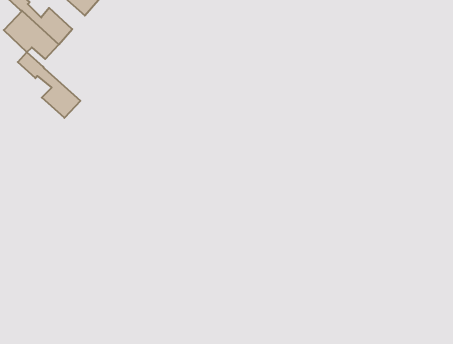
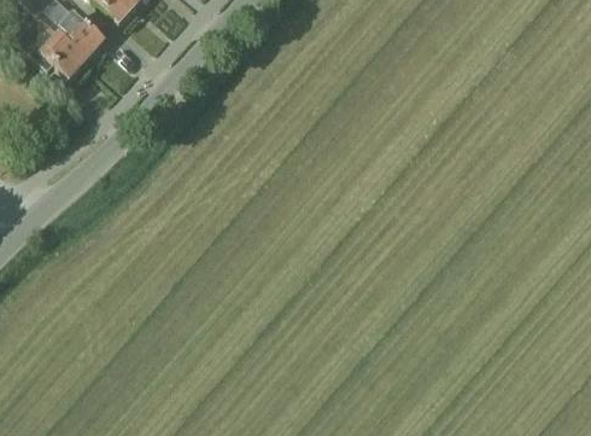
building: [18,52,80,118] -> none

